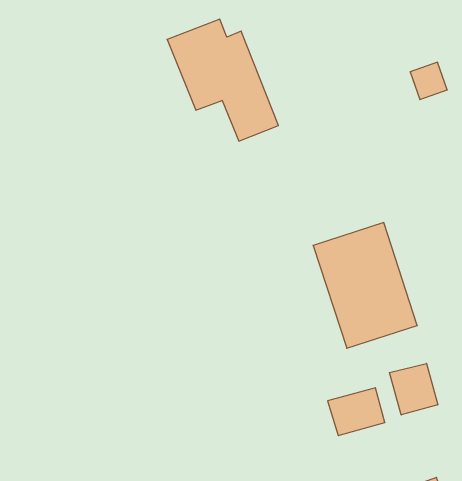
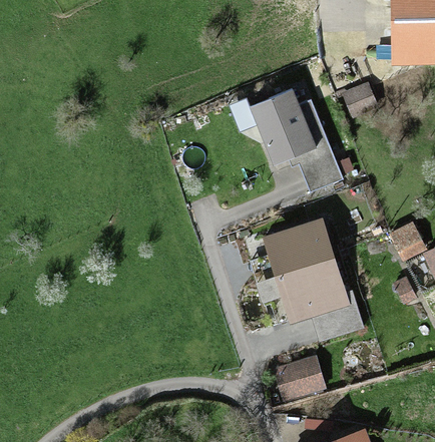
building: [167,19,278,141] -> [250,89,343,191]
building: [389,363,438,415] -> none

